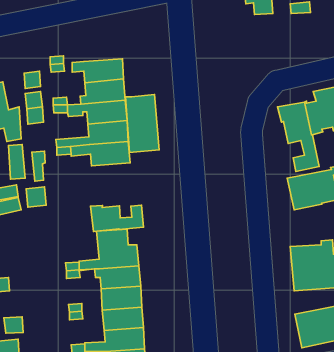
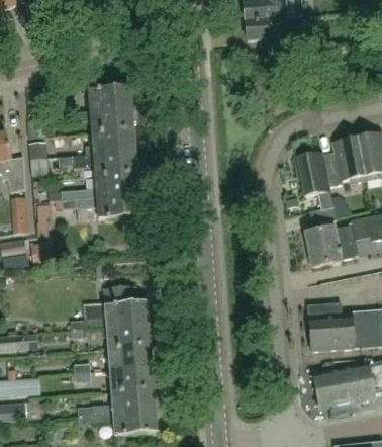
building: none -> [89,84,131,109]
building: [126,95,159,152] -> none
building: [90,205,144,232] -> none

